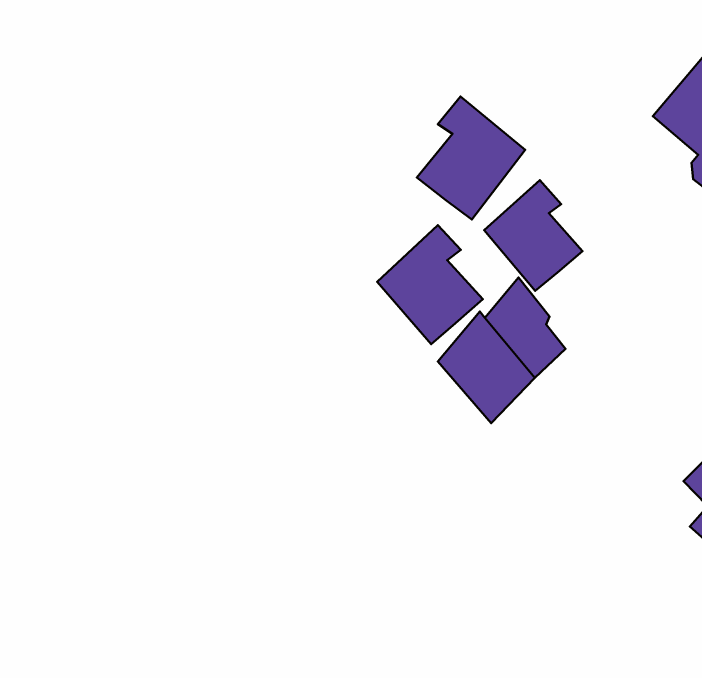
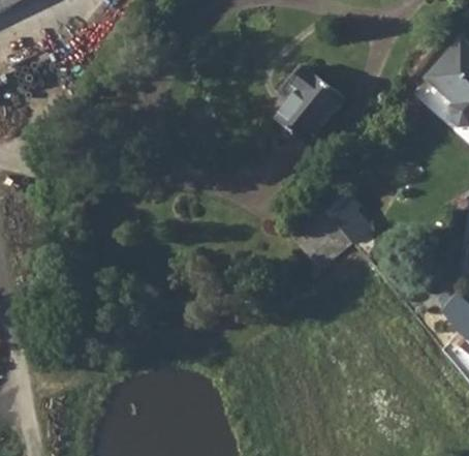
building: [484,180,582,291] -> none
building: [377,225,483,344] -> none

